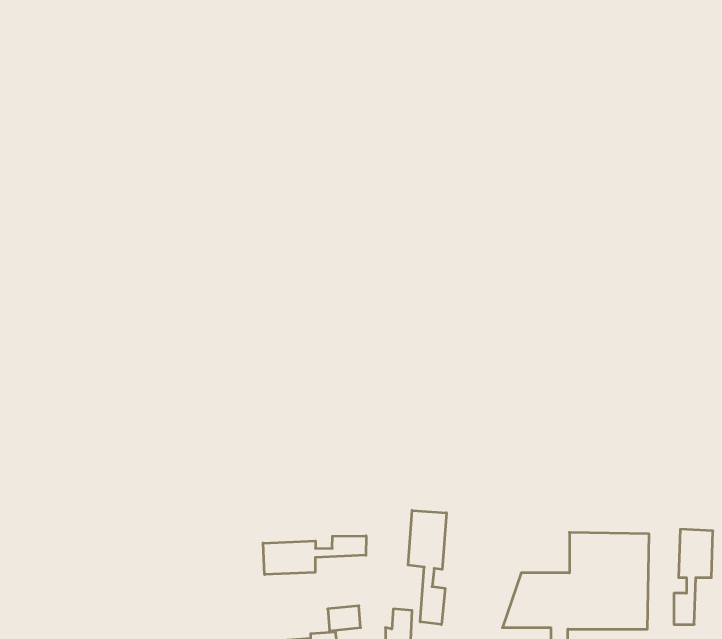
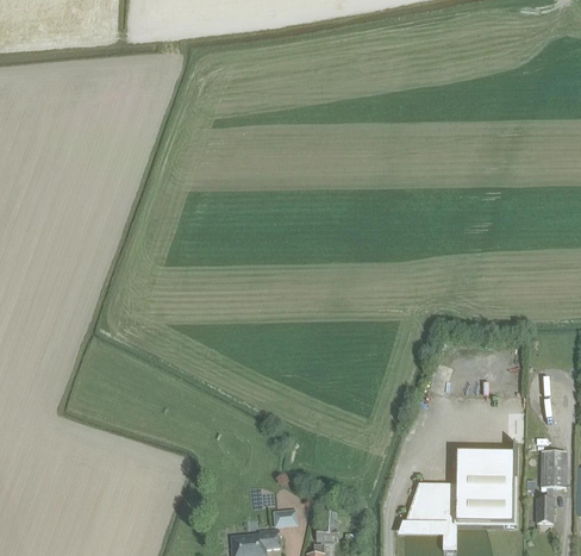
building: [408,510,446,625] -> none
building: [263,536,366,575] -> none

